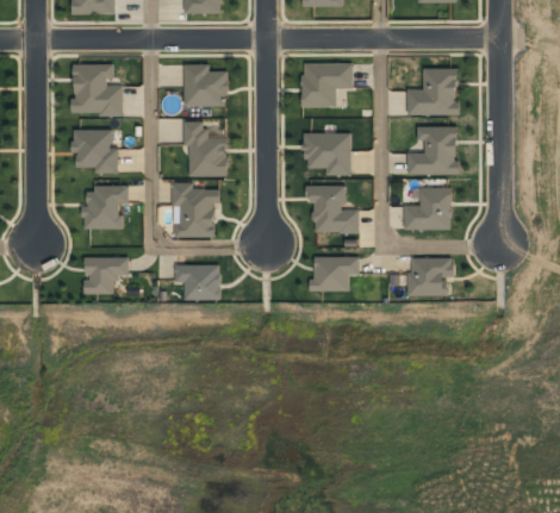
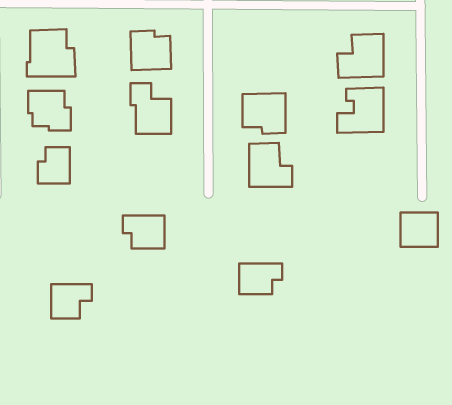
building: [301,63,353,107] -> none
building: [170,182,219,237] -> none
building: [403,188,450,230] -> none
building: [83,258,127,295] -> [51,284,92,318]
building: [311,258,357,292] -> [239,263,282,294]
building: [409,258,449,295] -> [400,213,438,247]

